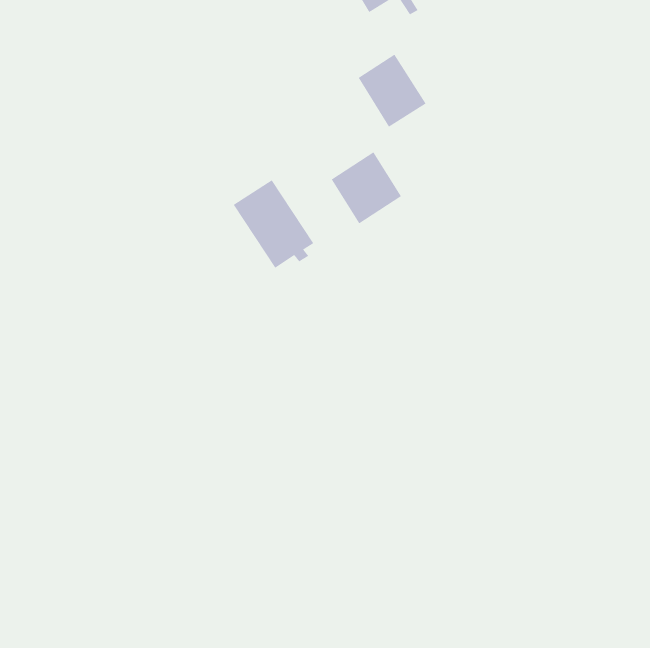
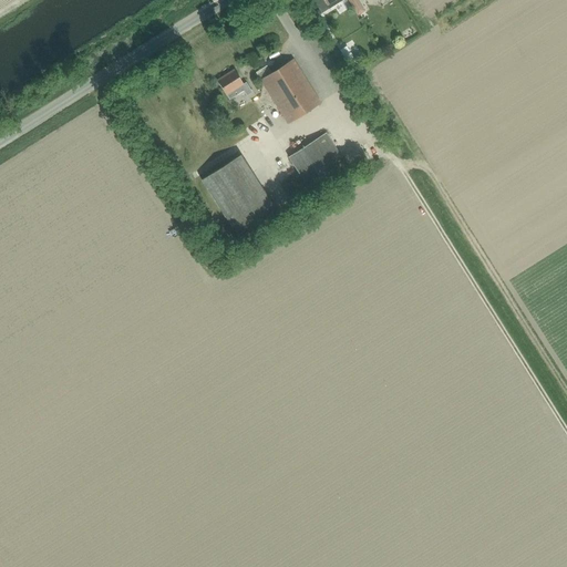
building: [358,54,427,128] -> [260,58,320,122]
building: none -> [217,68,250,99]

